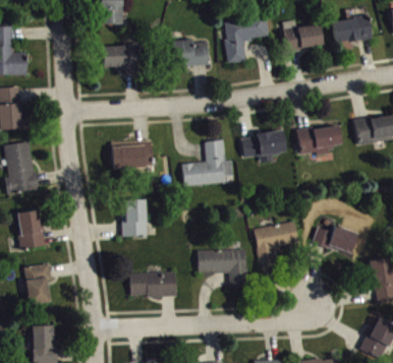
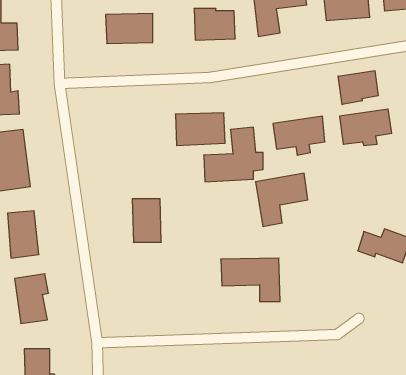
building: none -> [338,71,378,105]
building: [112,140,154,168] -> [175,113,225,146]
building: [255,221,298,265] -> [256,173,308,227]
building: [131,271,177,296] -> none

